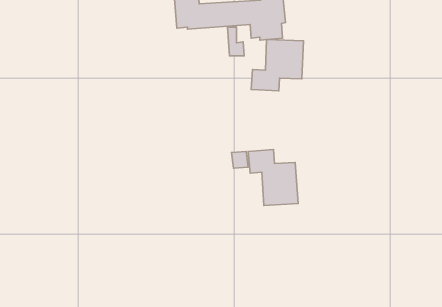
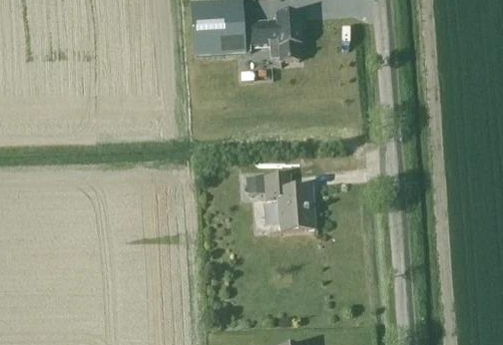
building: [251,39,304,91] -> none

